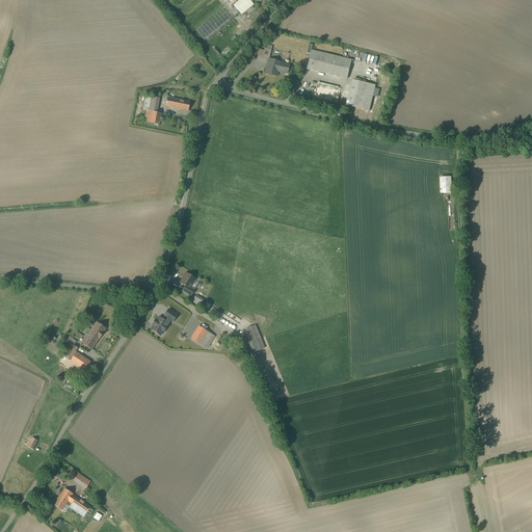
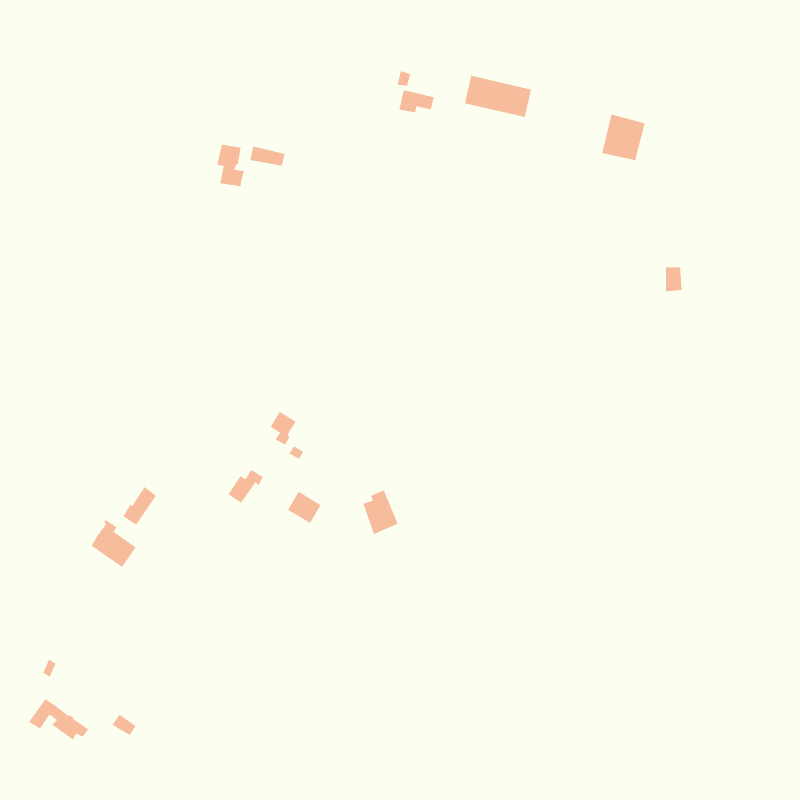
building: [347,79,376,110] -> [601,114,645,161]
building: [52,488,92,516] -> [28,698,89,740]

